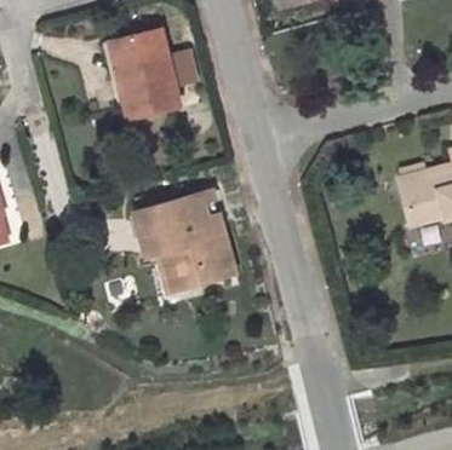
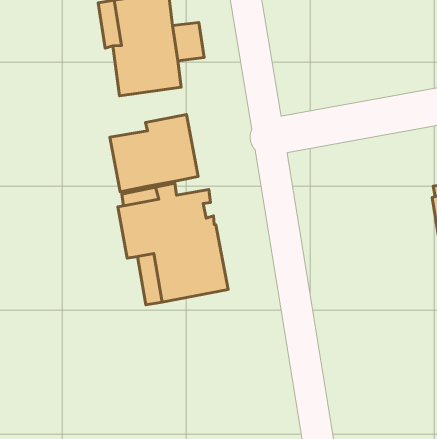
building: none -> [110,114,198,192]

